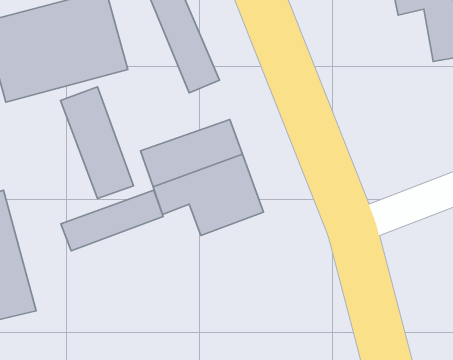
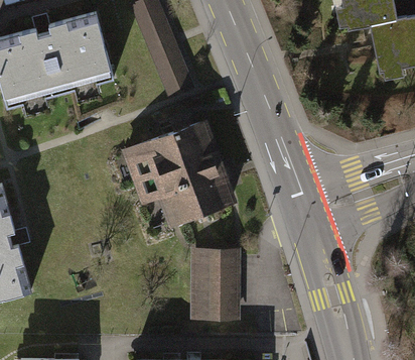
building: [61,87,133,199] -> none
building: [61,190,163,251] -> none
building: none -> [193,249,241,315]

